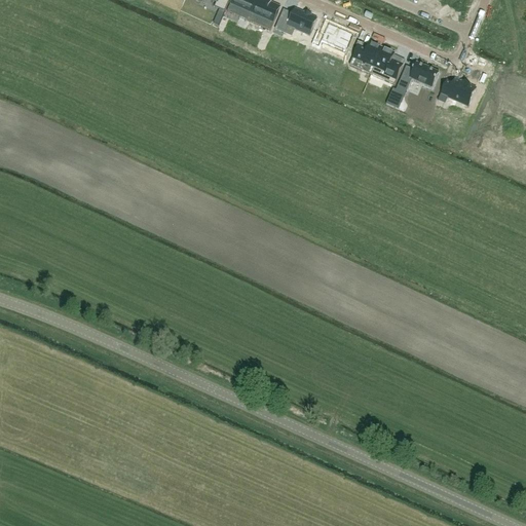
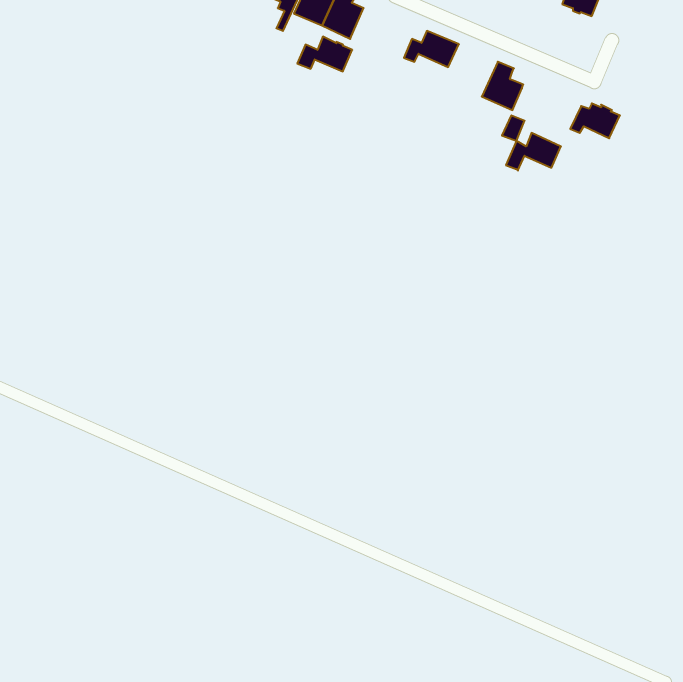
building: [273,8,315,35] -> [297,37,352,71]
building: [348,42,381,74] -> none
building: [396,62,438,90] -> [506,133,561,170]

